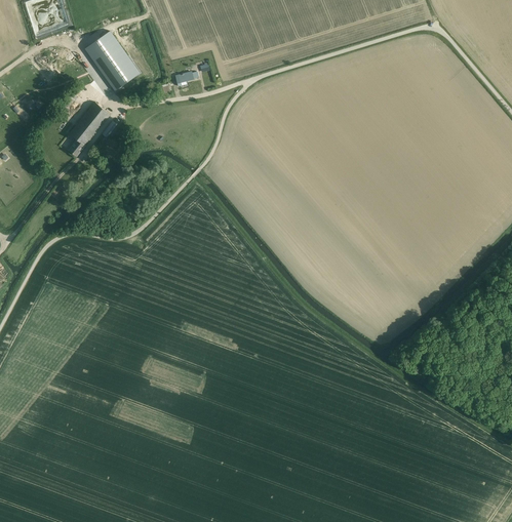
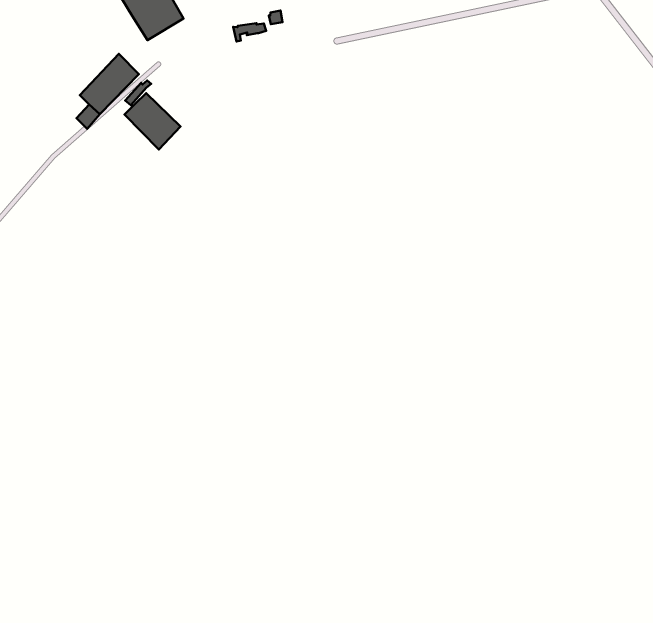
building: none -> [125,93,181,149]

